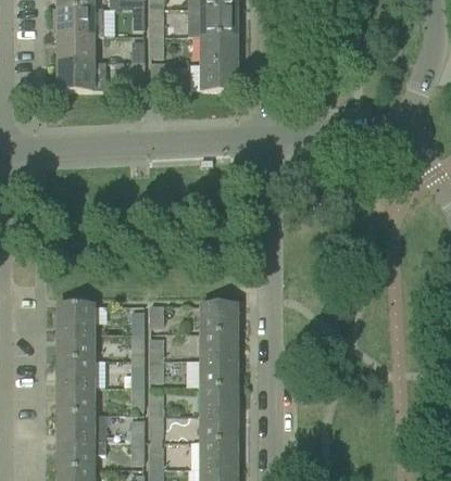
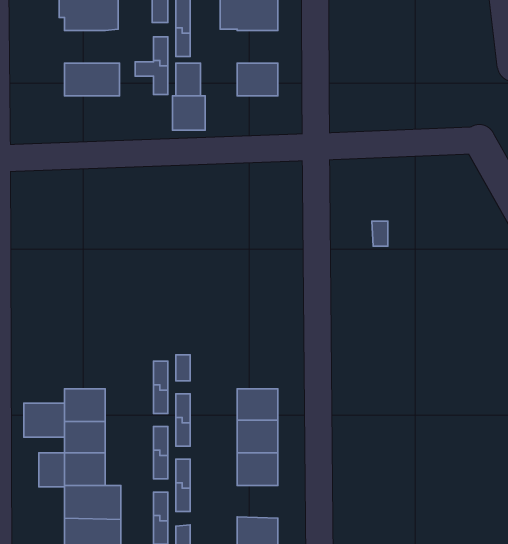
building: [58,35,91,62] -> none
building: [201,35,235,62] -> none
building: none -> [173,96,205,130]
building: [58,304,91,332] -> [24,403,64,437]
building: [201,304,235,332] -> none
building: none -> [39,453,64,487]
building: [201,413,235,440] -> none

